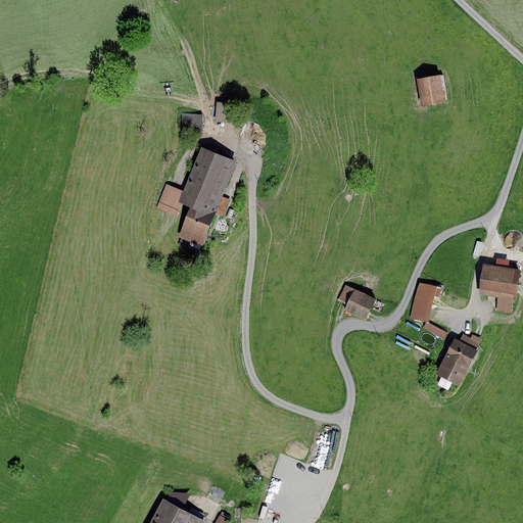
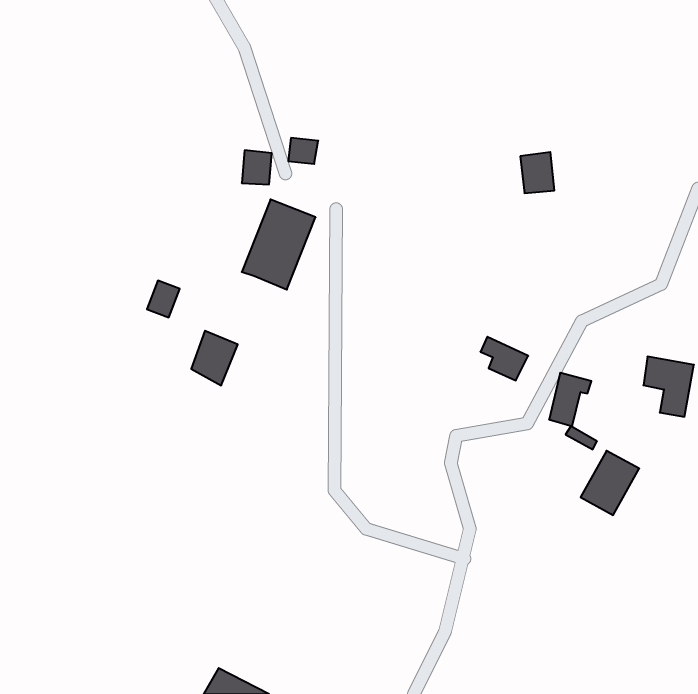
building: [417,74,442,104] -> [520,152,554,193]
building: [159,184,184,211] -> [147,281,180,317]
building: [180,206,215,247] -> [191,331,238,385]
building: [340,286,376,319] -> [480,337,528,380]

